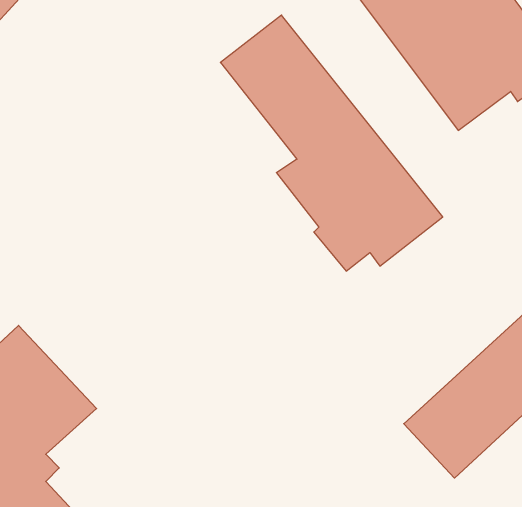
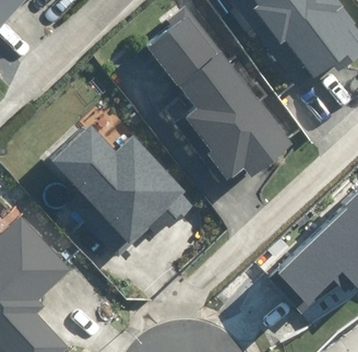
building: none -> [49,125,194,246]

